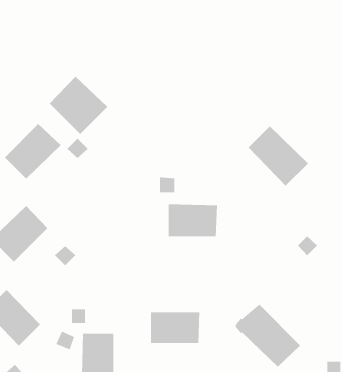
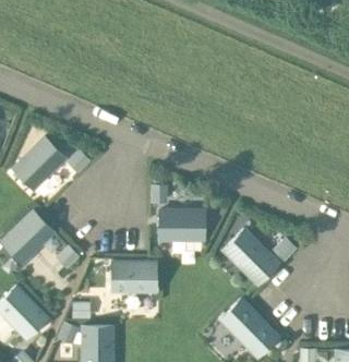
building: [49,76,108,135] -> none
building: [248,126,309,187] -> [225,230,279,285]
building: [150,312,200,344] -> [112,263,157,291]

